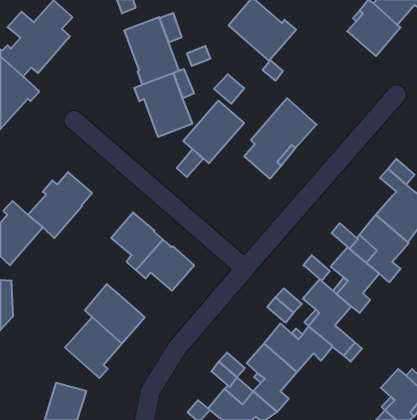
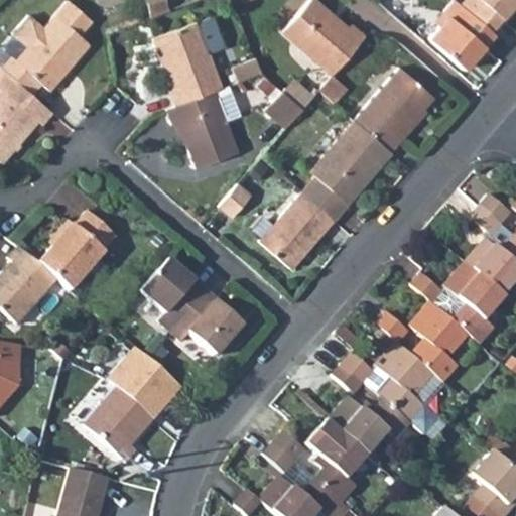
building: none -> [355,67,435,152]
building: [183,101,244,163] -> [260,191,335,268]

